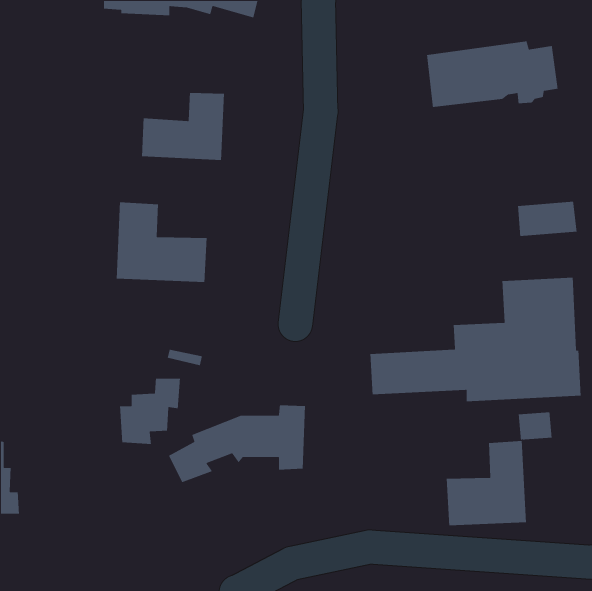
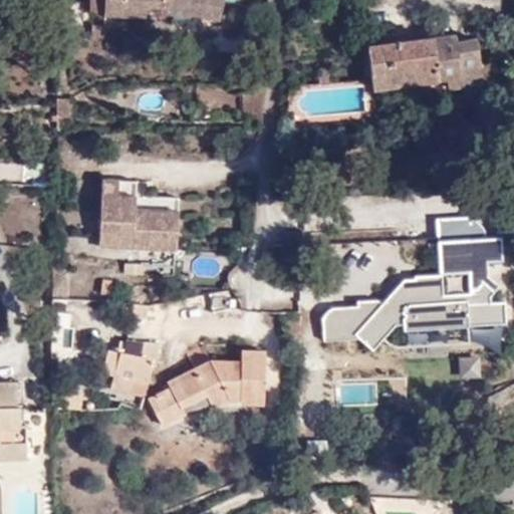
building: [141,92,225,161] -> none
building: [517,201,577,237] -> [434,214,486,245]
building: [446,440,527,526] -> none

